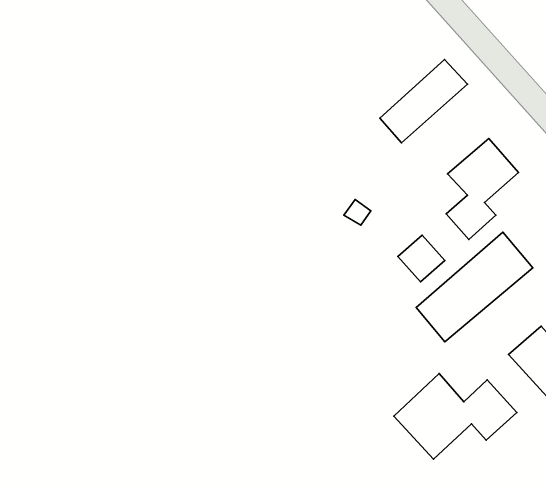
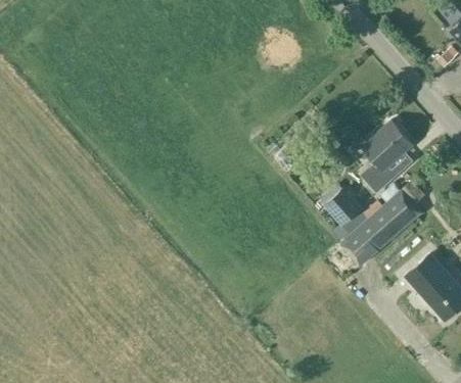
building: [380,60,467,143] -> none
building: [394,374,517,459] -> none

